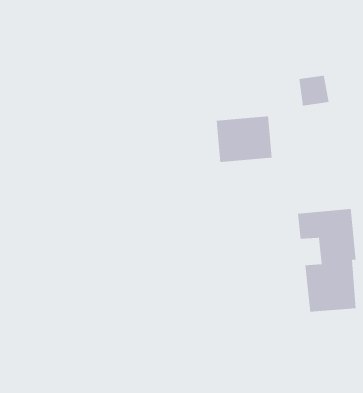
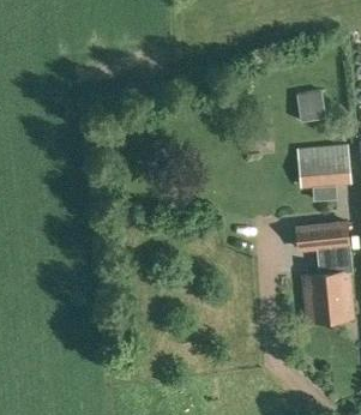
building: [216,116,273,163] -> [295,144,350,190]

